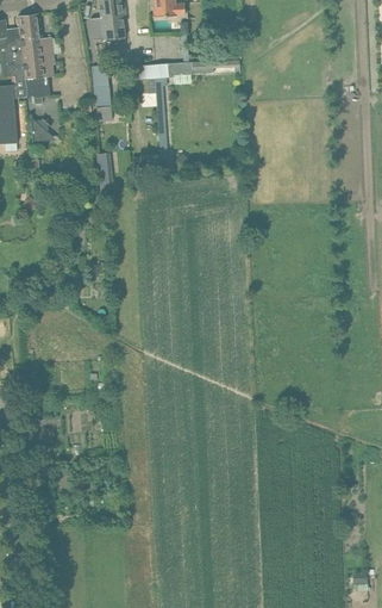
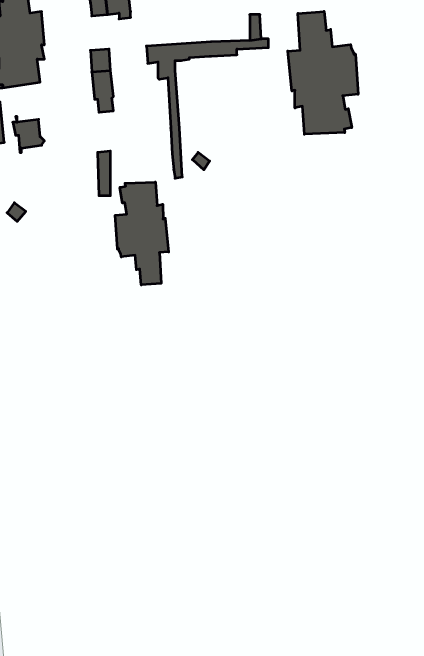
building: none -> [288,11,358,134]
building: none -> [115,182,169,285]

